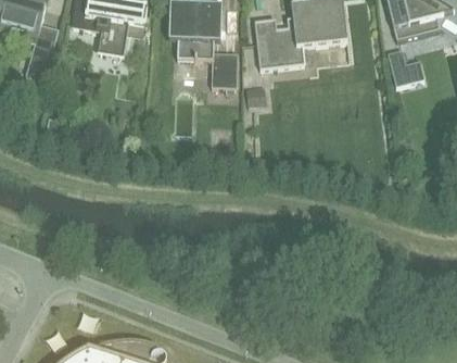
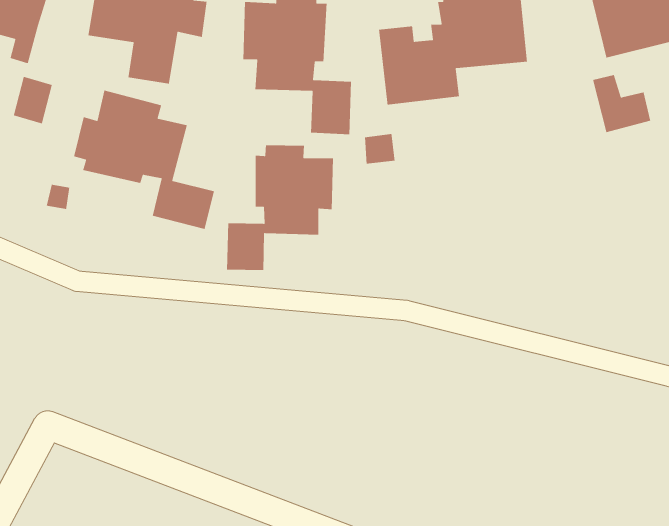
building: none -> [73,90,215,230]
building: none -> [226,145,334,271]

